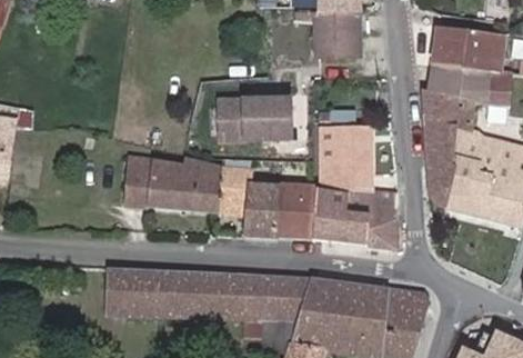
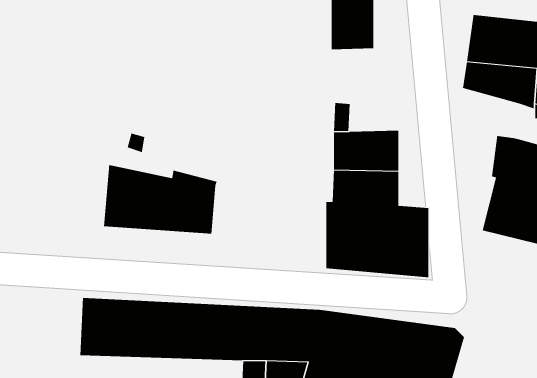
building: [421,87,475,209] -> none
building: [219,95,291,137] -> none
building: [217,171,312,239] -> none

